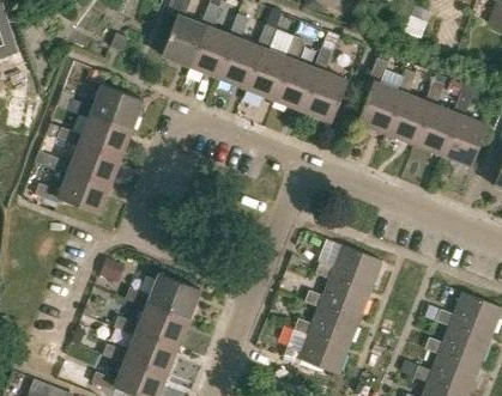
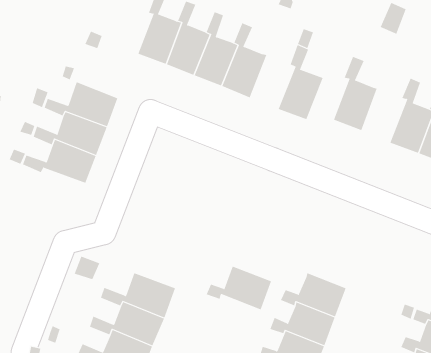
building: [274,36,319,111] -> none
building: [386,69,430,145] -> none
building: [36,170,110,214] -> none
building: [315,245,381,290] -> [206,266,272,310]

